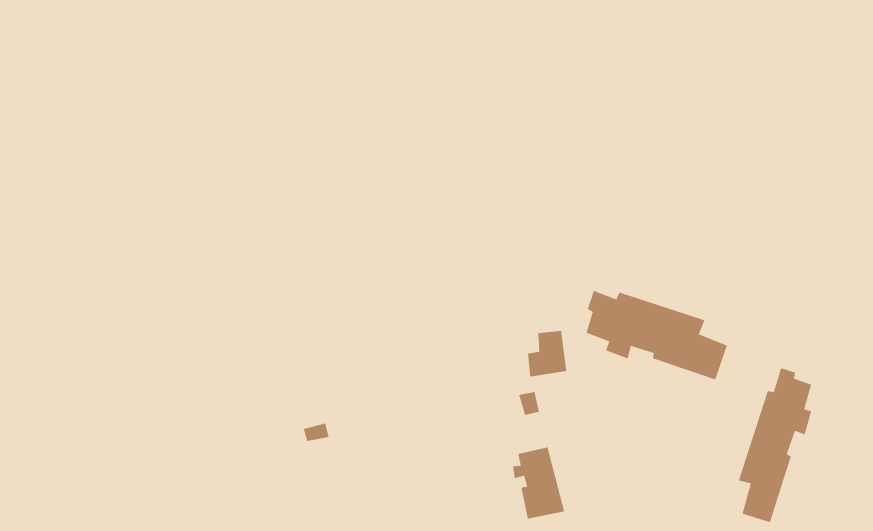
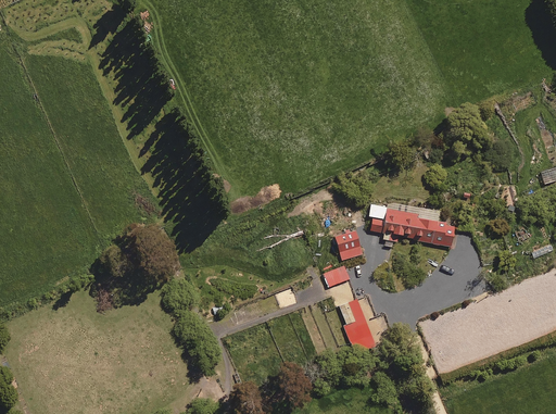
building: [738,367,812,523] -> none

